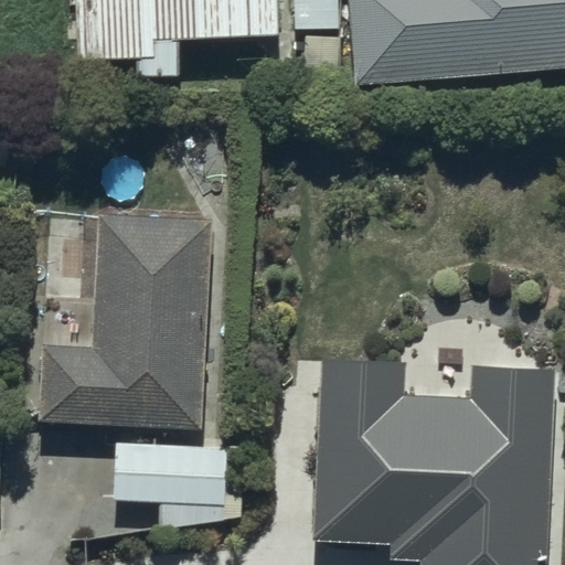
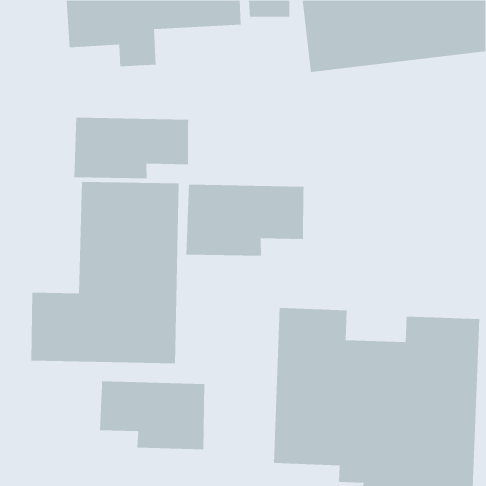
building: none -> [74,117,189,179]
building: none -> [186,184,304,256]

